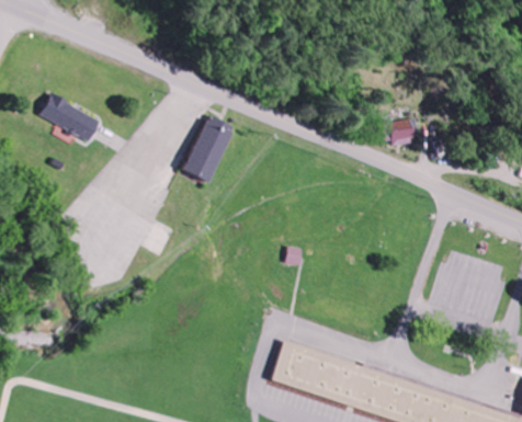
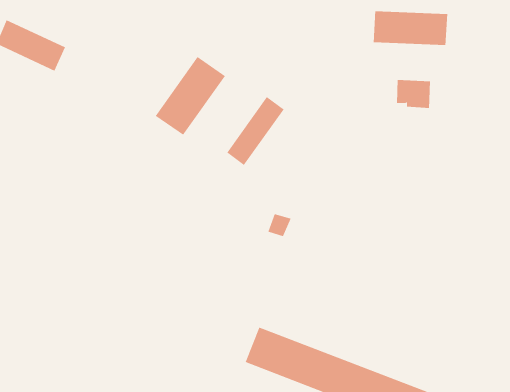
building: none -> [373,10,448,46]
building: none -> [227,96,284,166]

